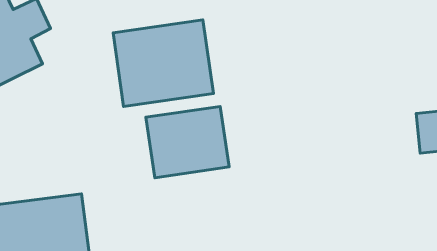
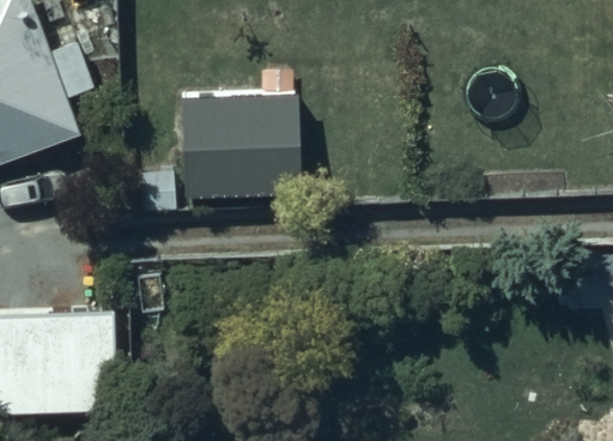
building: [146,106,229,178] -> none

